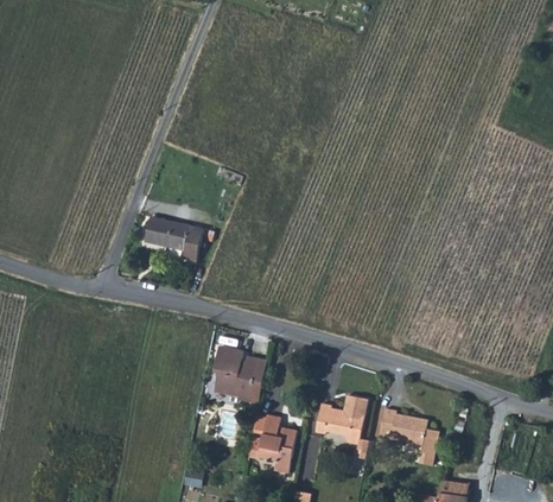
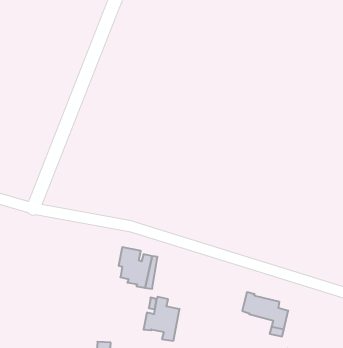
building: [144,220,203,265] -> none
building: [316,394,368,443] -> none

